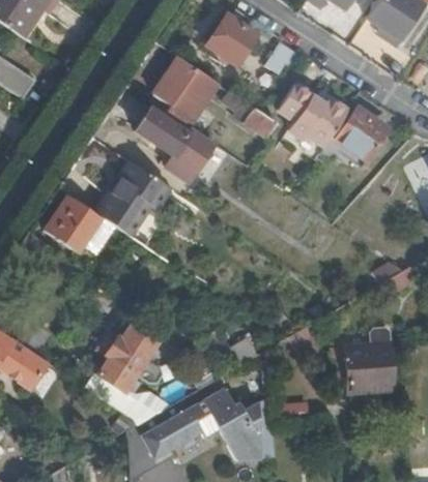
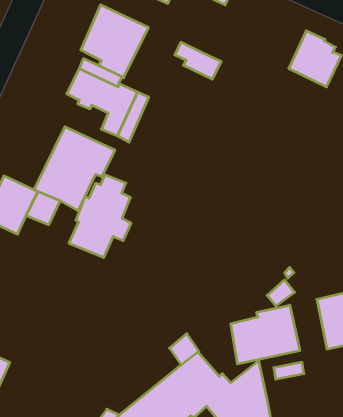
building: [276,81,351,149] -> none
building: [97,319,159,392] -> [69,175,131,258]
building: none -> [231,305,300,364]

